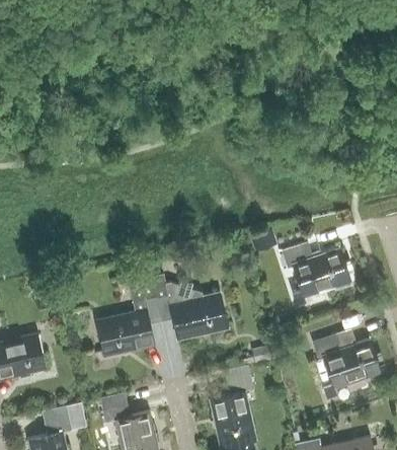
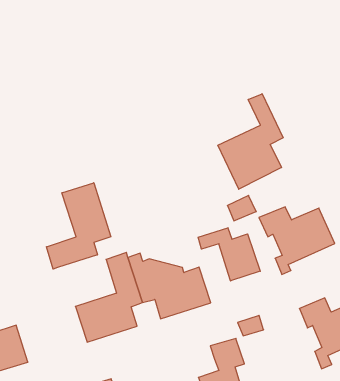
building: none -> [218,94,283,189]
building: none -> [46,183,111,269]
building: none -> [198,228,260,281]

